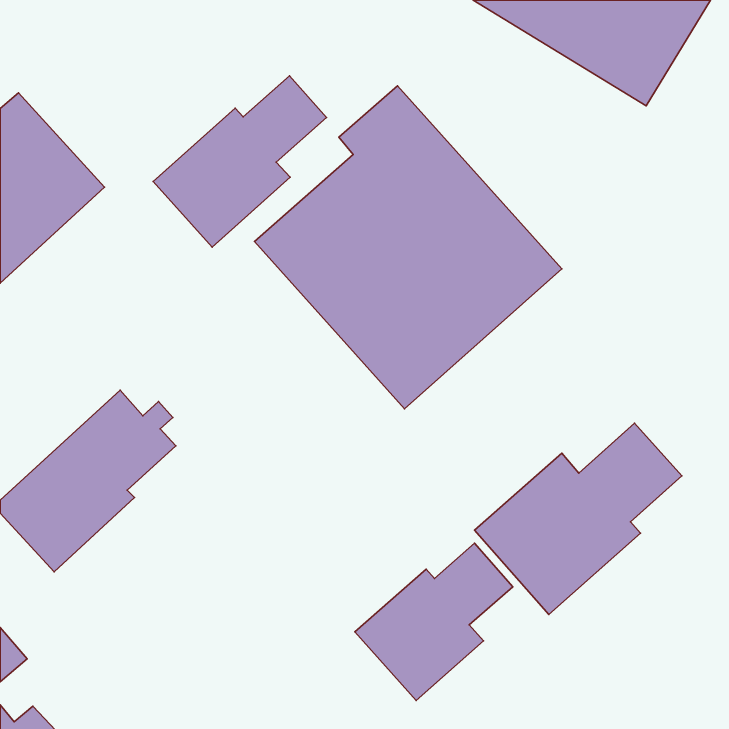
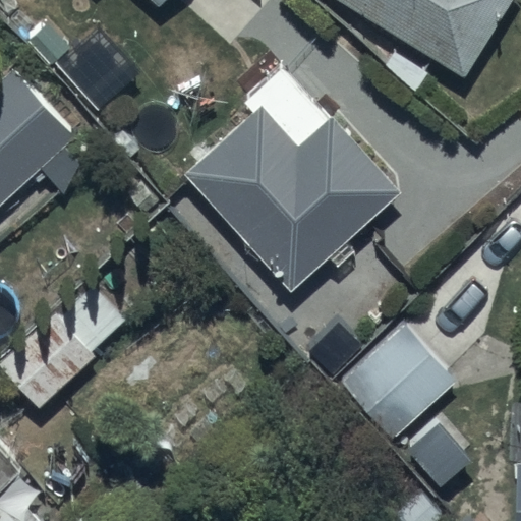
building: [153,76,327,247] -> none
building: [355,543,513,701] -> none

